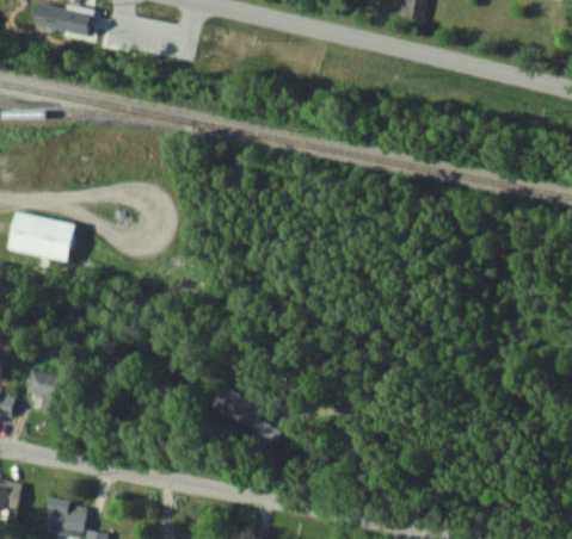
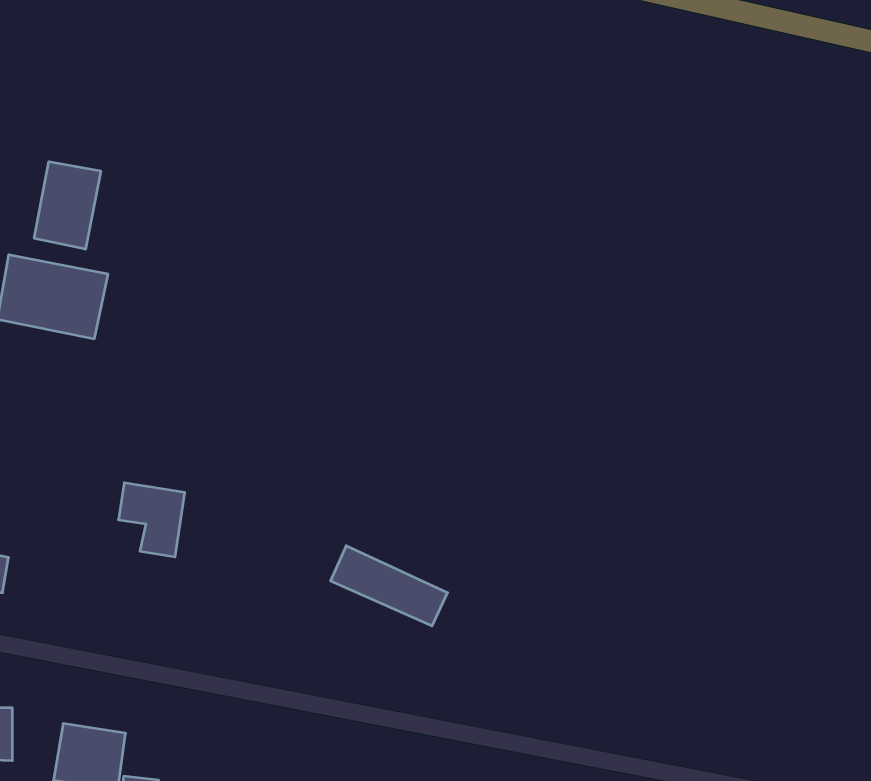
building: none -> [34,162,101,249]
building: [25,370,66,415] -> [118,483,185,557]

